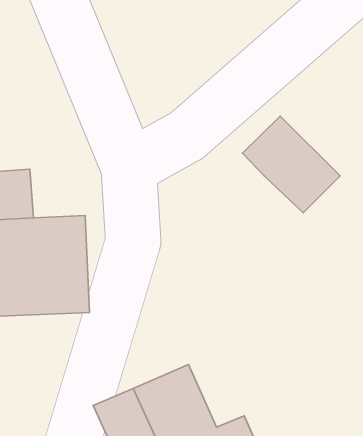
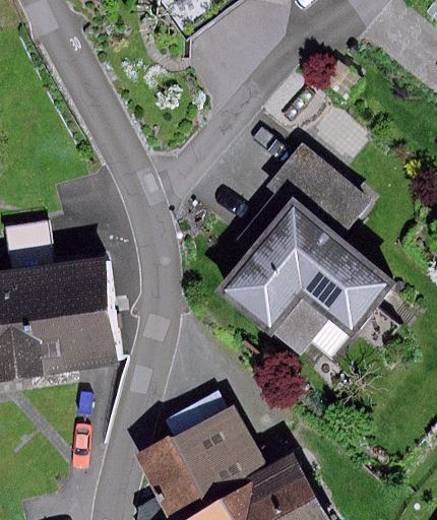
building: none -> [220,205,390,335]

